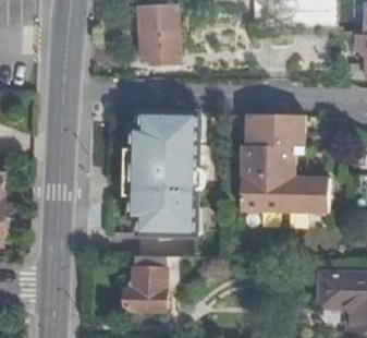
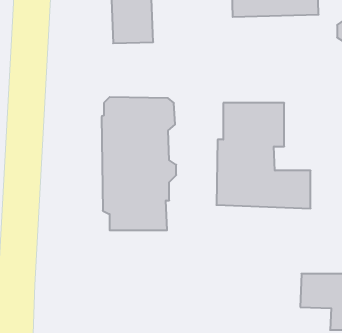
building: [124,258,166,311] -> none

